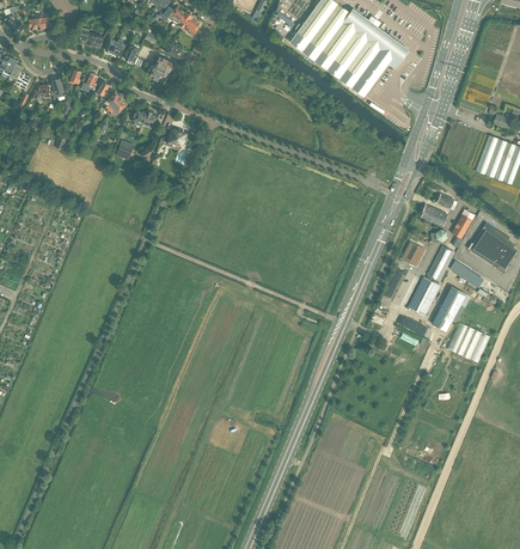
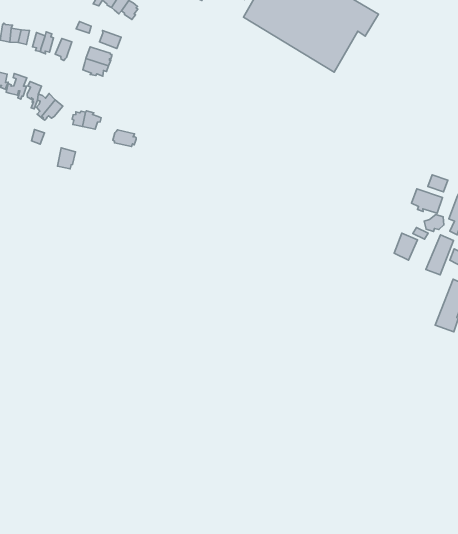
building: [408,277,441,316] -> none

